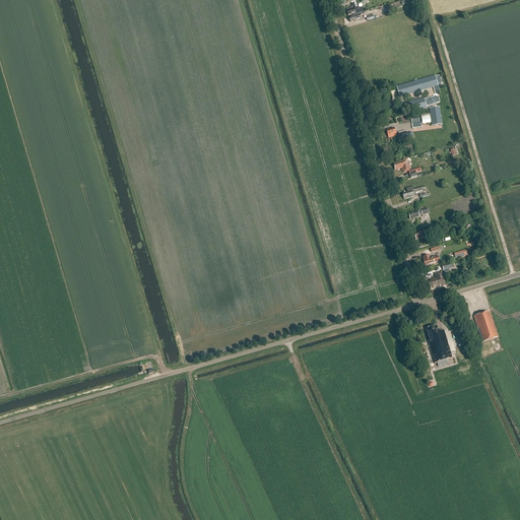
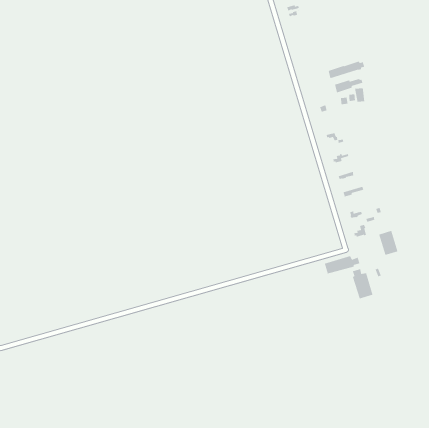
building: none -> [324,255,361,274]
building: [473,310,498,341] -> [378,230,398,256]

